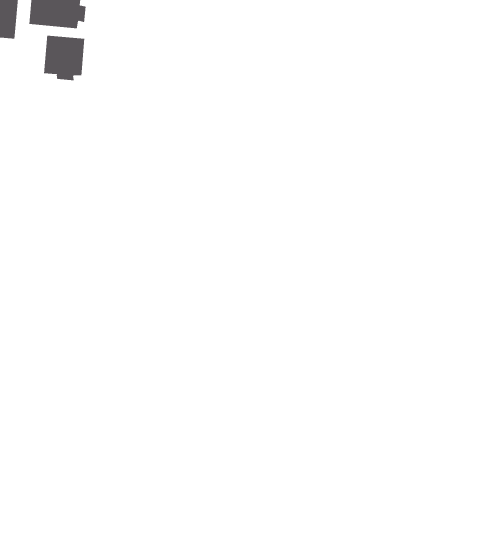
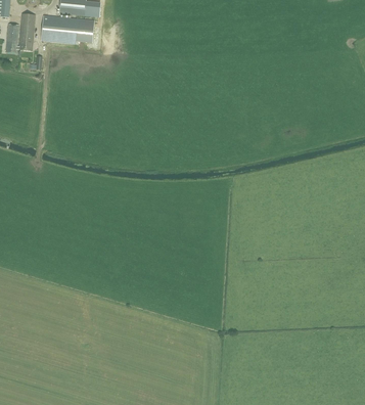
building: [44,35,85,81] -> none

